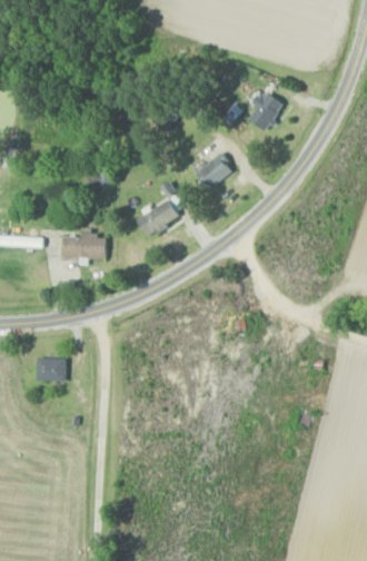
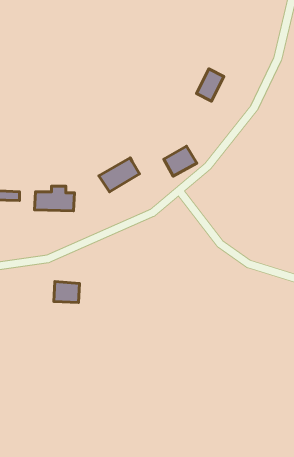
building: [194,154,232,189] -> [164,146,197,176]
building: [34,357,65,382] -> [54,282,79,302]

